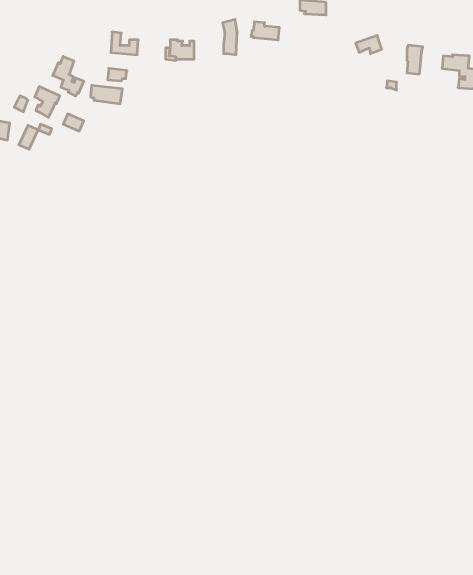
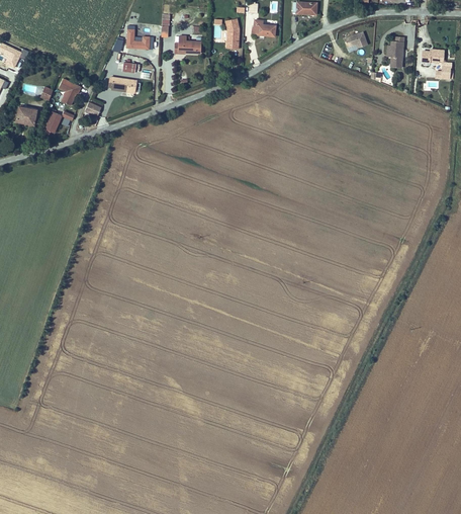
building: [53,56,84,96] -> none

